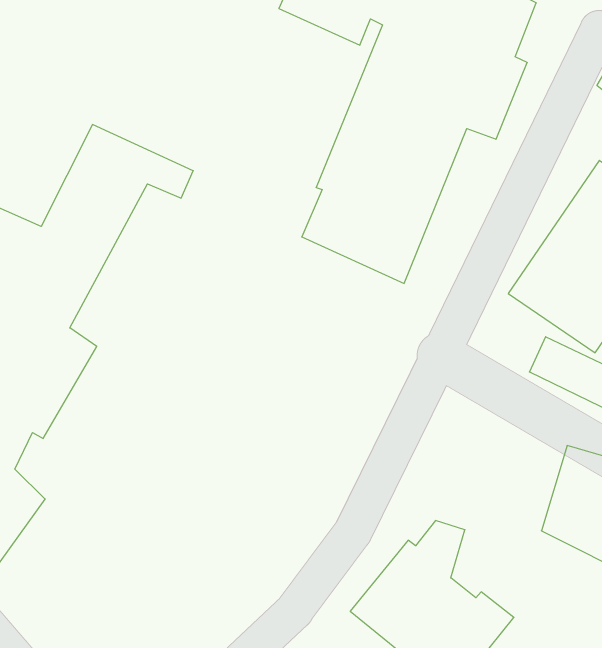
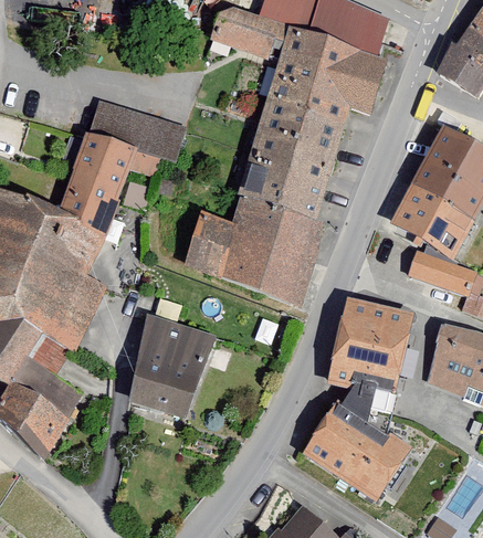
building: none -> [88,99,185,160]
building: none -> [181,196,329,308]
building: none -> [133,314,217,411]
building: none -> [329,296,413,393]

